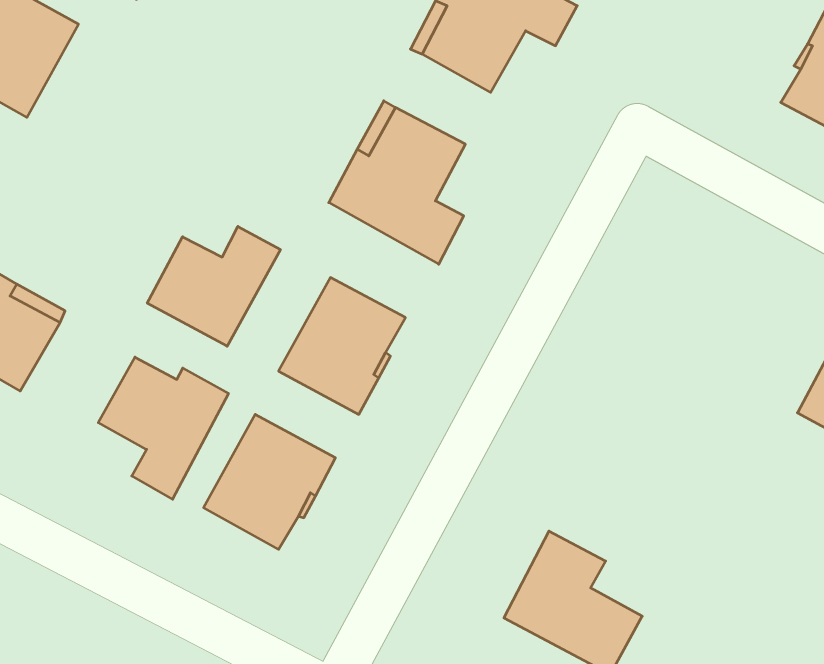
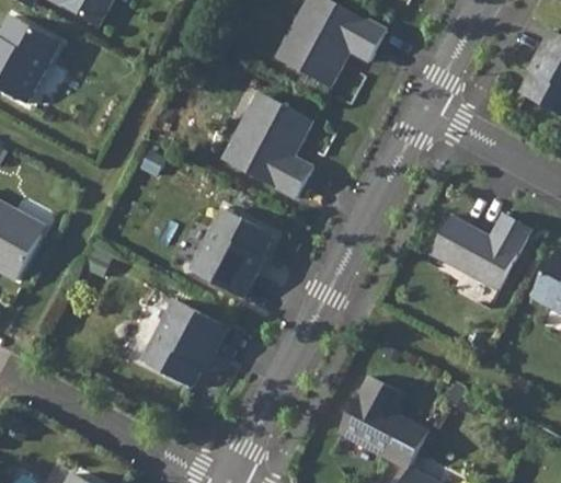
building: [147,226,280,346] -> none
building: none -> [430,214,531,289]
building: [98,357,228,499] -> none

